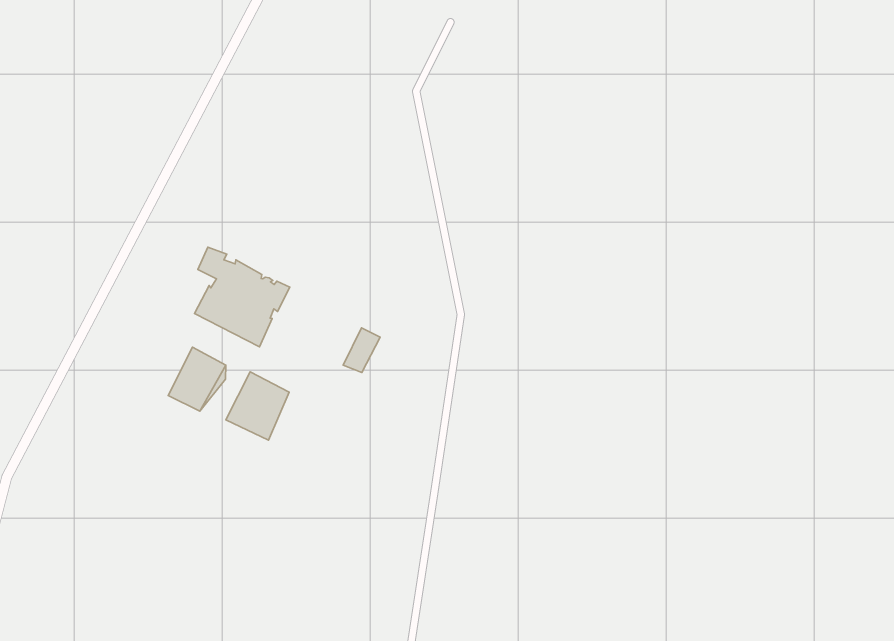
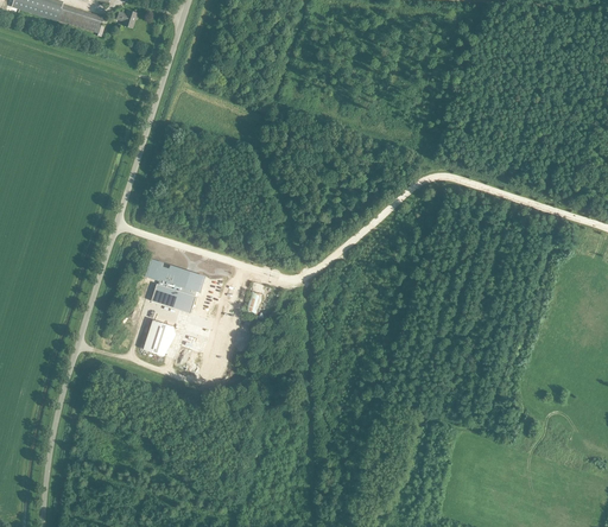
building: [226,372,289,440] -> none

